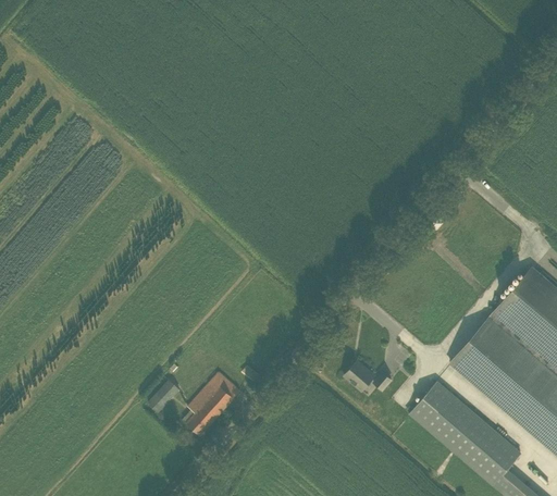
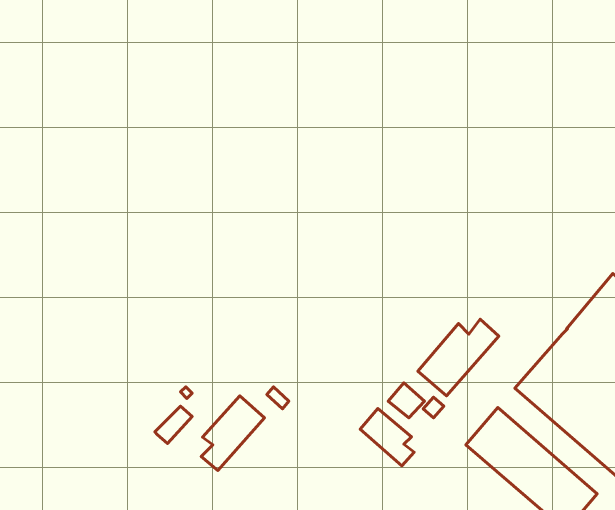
building: none -> [418,319,499,396]
building: none -> [360,408,414,466]

